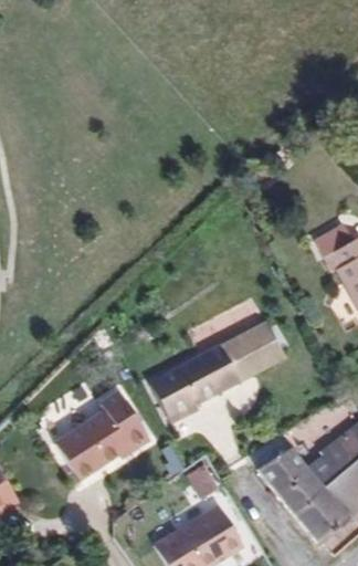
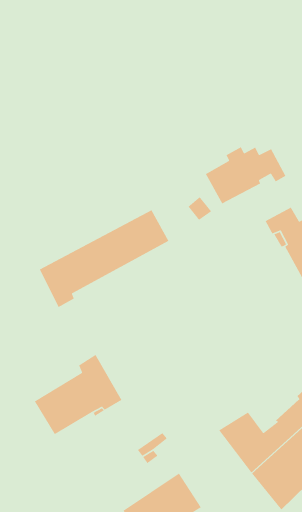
building: none -> [205,146,286,205]
building: [150,322,291,428] -> [39,209,169,308]

